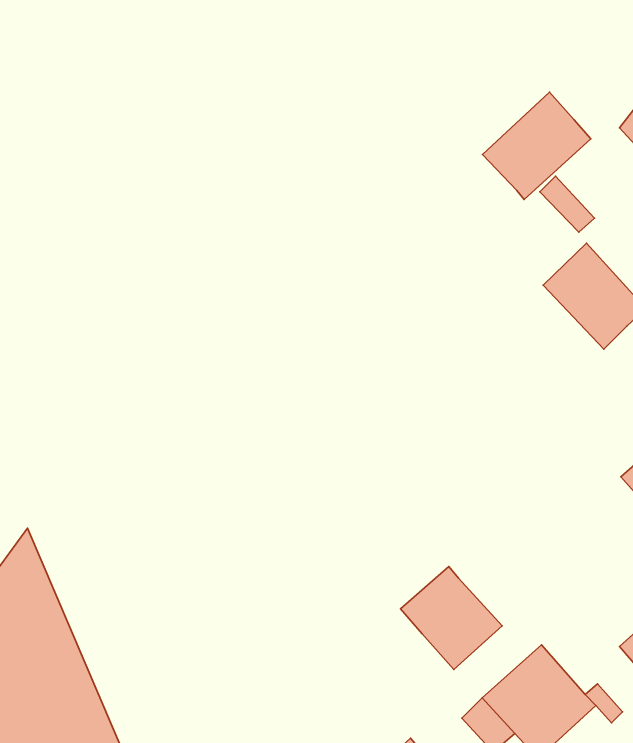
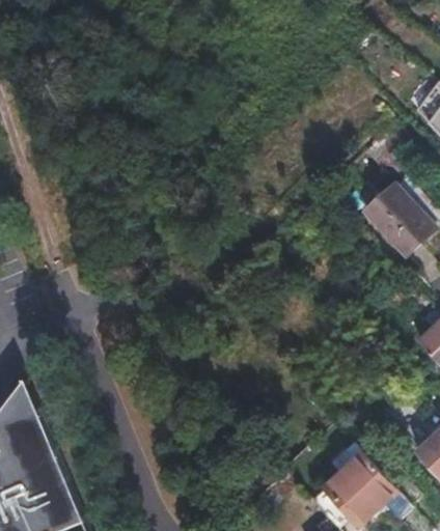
building: [482,92,591,200] -> none
building: [400,566,502,670] -> none

